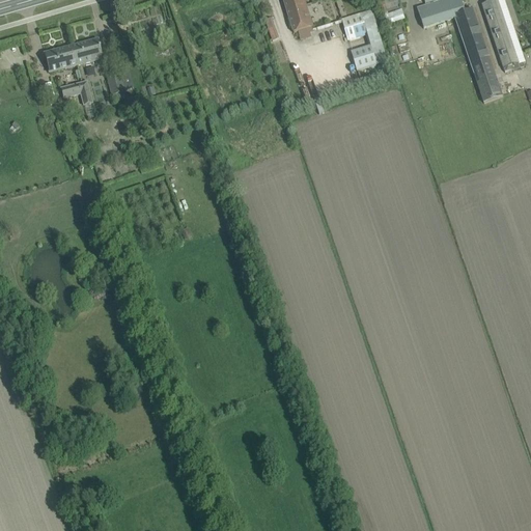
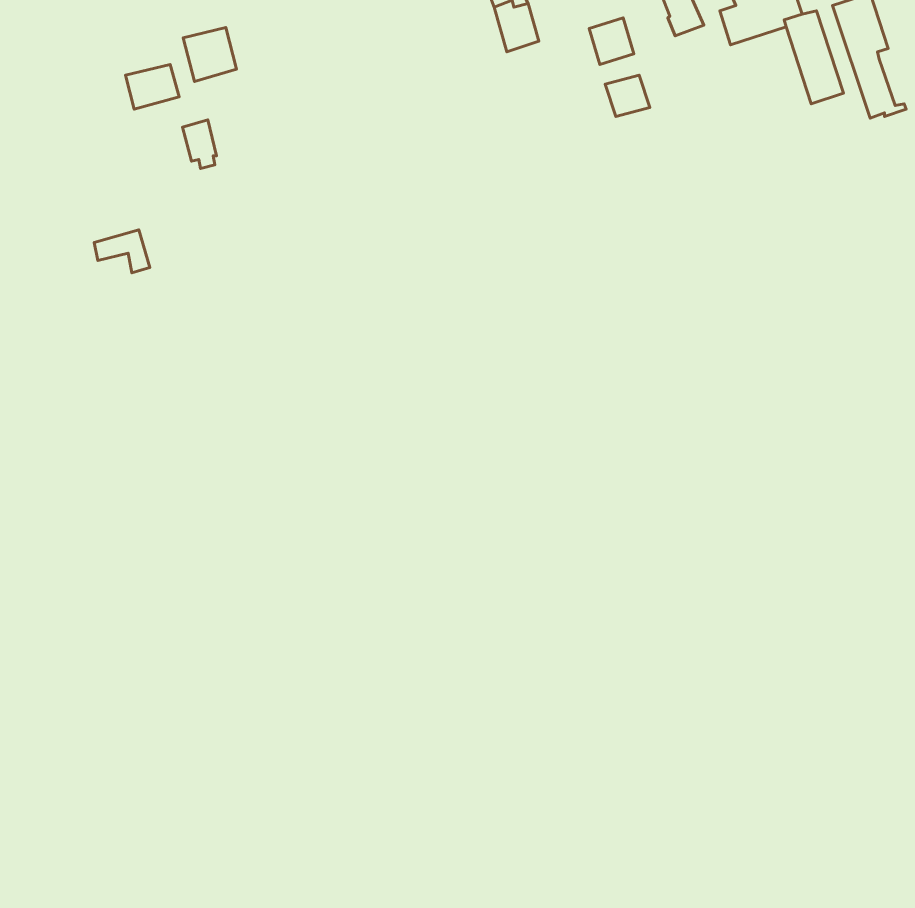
building: none -> [183,27,236,81]
building: [45,44,78,71] -> none
building: [470,54,502,100] -> none
building: [61,79,93,104] -> [94,230,150,273]

